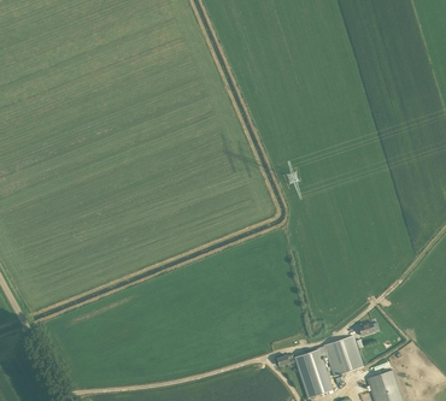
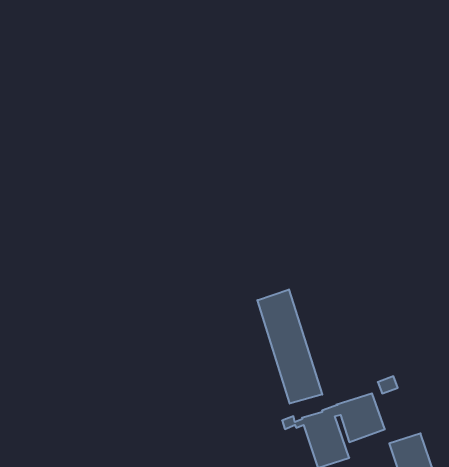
building: none -> [257,289,322,404]

